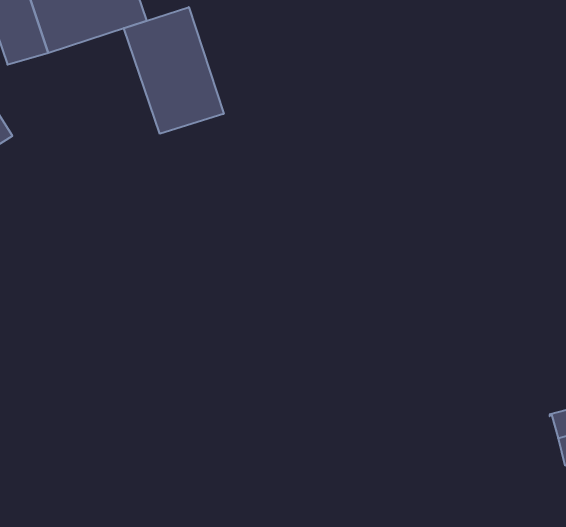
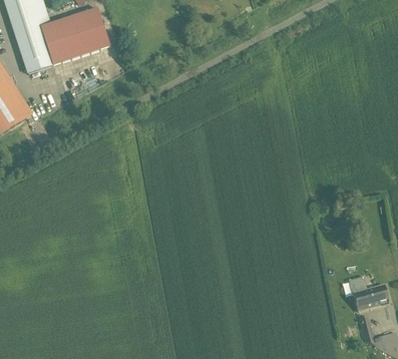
building: [124,7,224,134] -> none

